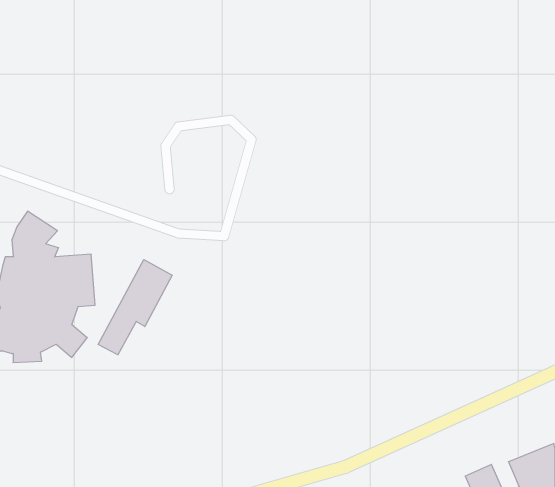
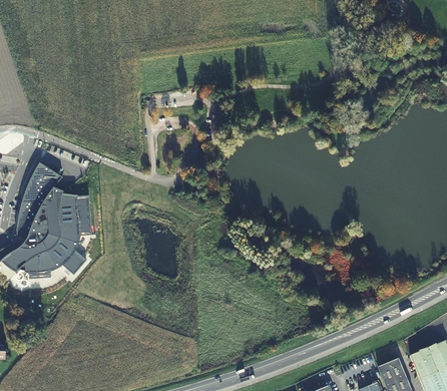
building: [98,260,172,355] -> none

